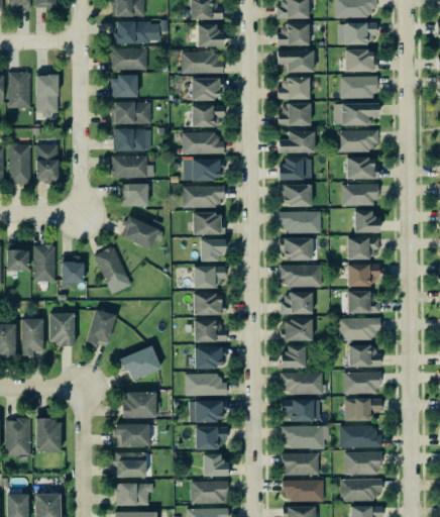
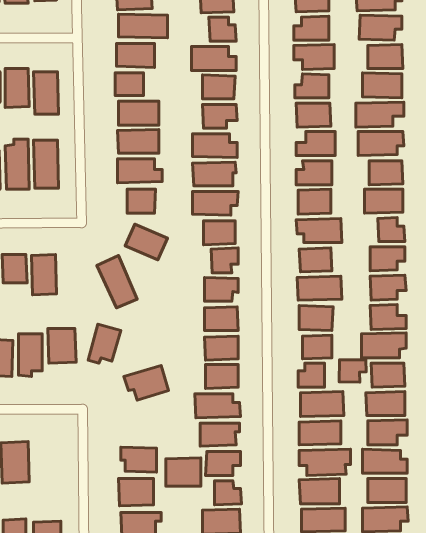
building: [62,255,83,287] -> none
building: none -> [339,360,366,382]
building: [123,392,155,418] -> [166,458,201,486]
building: [35,419,61,451] -> none

